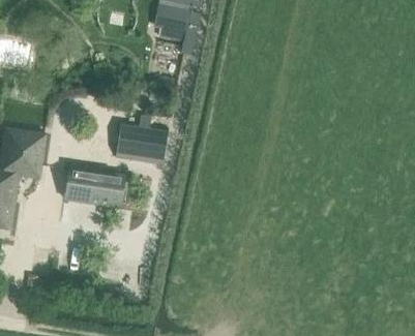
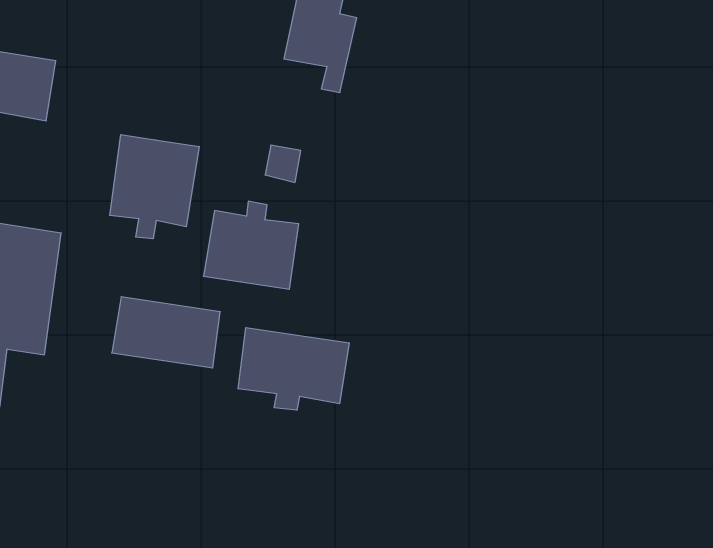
building: none -> [110,135,199,239]
building: none -> [238,328,349,410]

